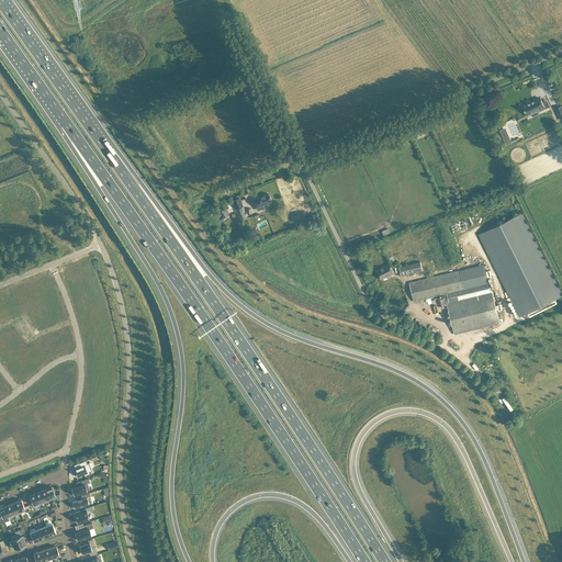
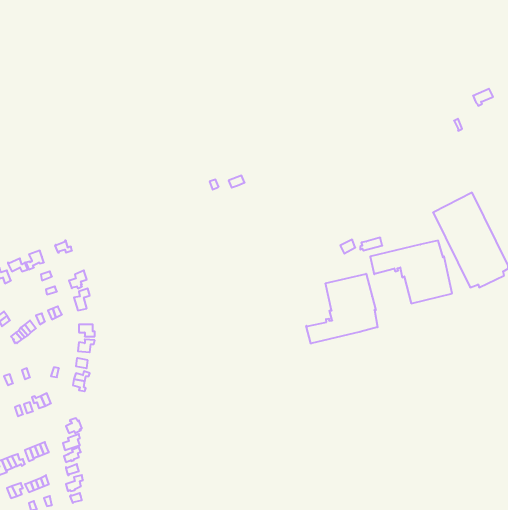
building: none -> [306,274,378,344]

